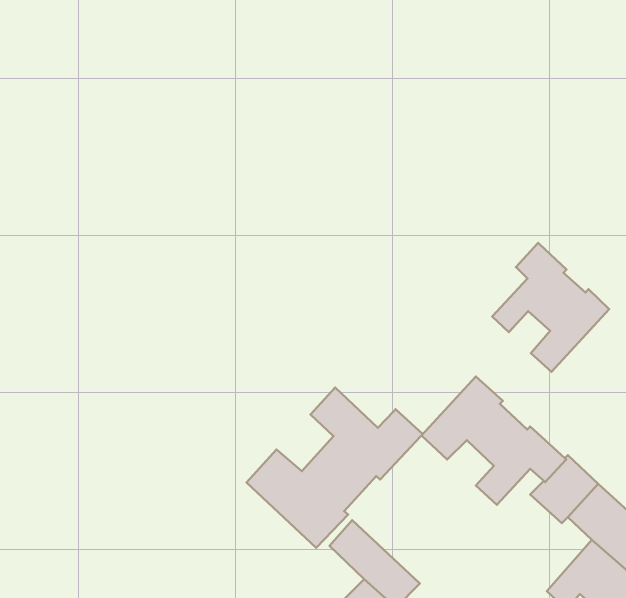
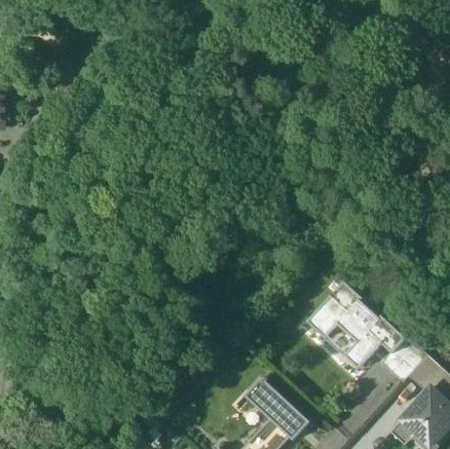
building: [492,243,609,372] -> none
building: [246,388,423,548] -> none

